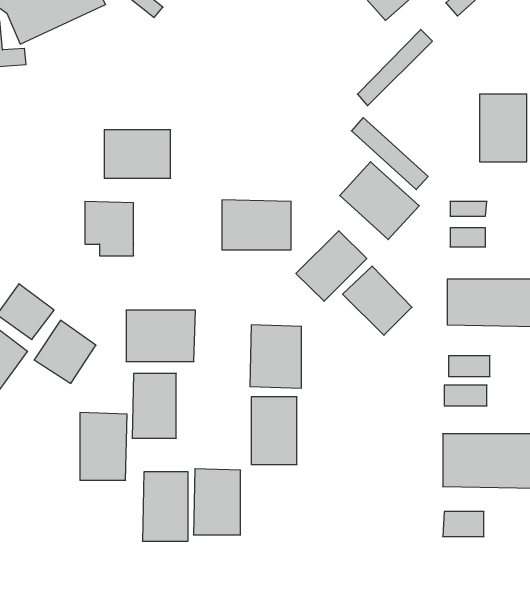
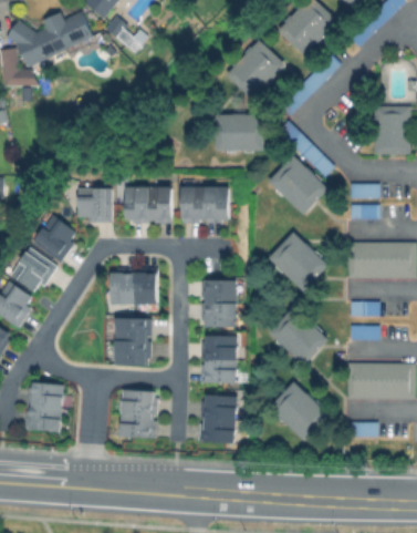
building: none -> [228,40,282,94]
building: none -> [220,120,262,151]
building: [104,130,171,178] -> [123,185,173,222]
building: [296,231,367,301] -> none
building: [34,320,96,383] -> [32,213,79,260]
building: none -> [268,305,329,366]
building: [80,413,127,480] -> [28,382,63,433]
building: none -> [269,382,329,441]
building: [193,469,241,535] -> [201,396,237,445]

